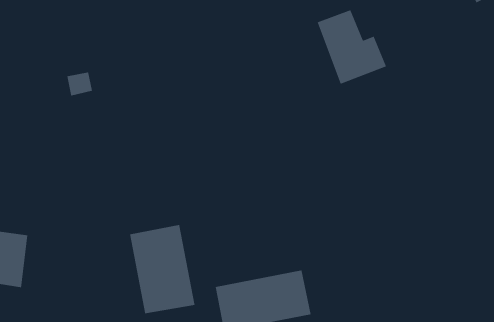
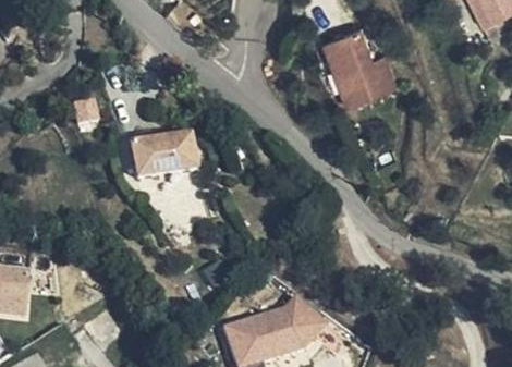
building: none -> [129,134,195,181]
building: [130,224,195,314] -> none

